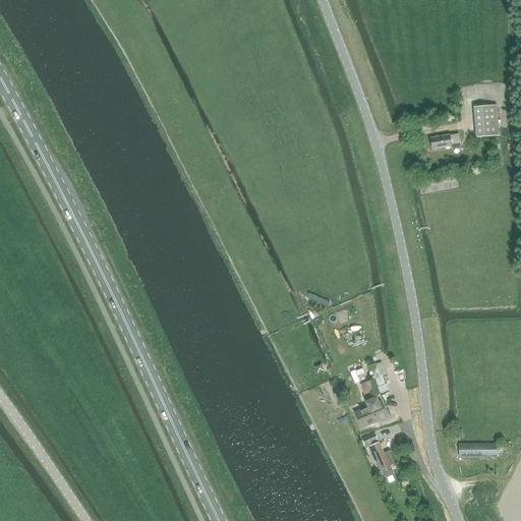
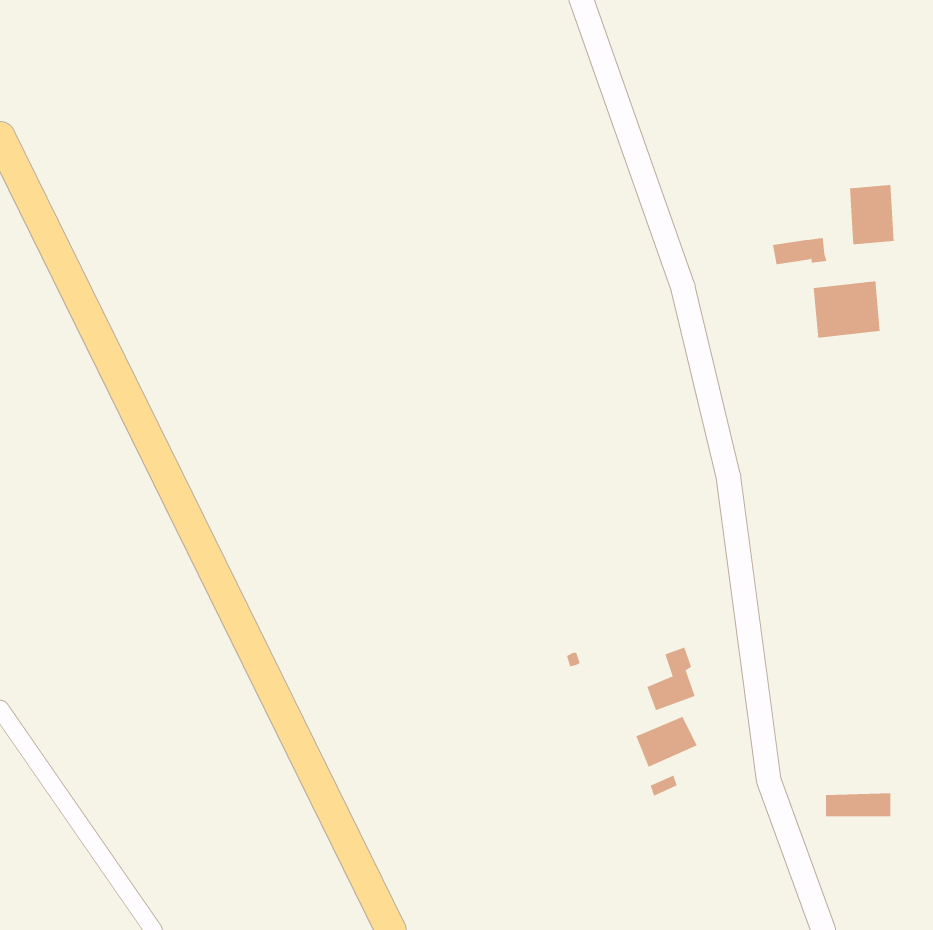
building: none -> [813,280,880,339]
building: [368,441,395,468] -> none

